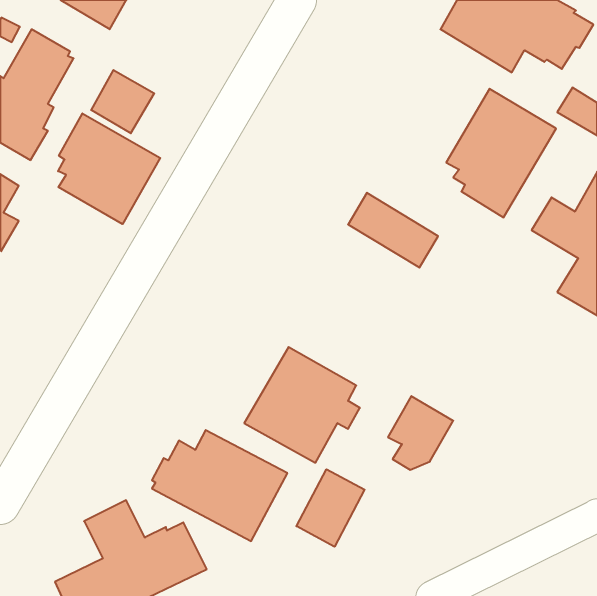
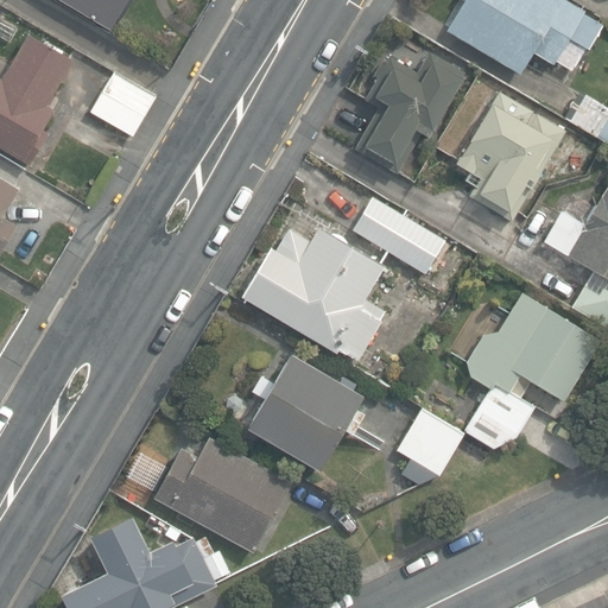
building: none -> [355,53,464,173]
building: [58,113,160,224] -> none
building: none -> [242,228,386,362]
building: none -> [464,293,601,449]
building: [296,469,365,547] -> none

